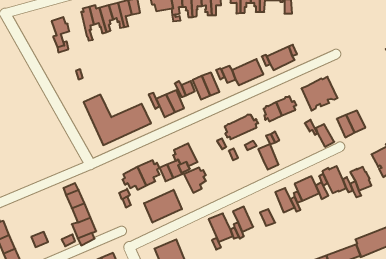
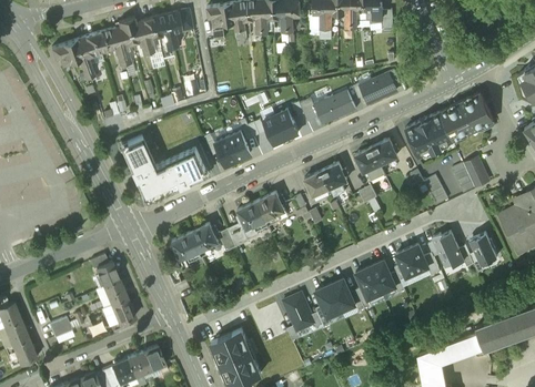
building: none -> [92,28,123,61]
building: none -> [51,40,83,67]
building: none -> [440,94,493,141]
building: [258,144,279,170] -> [355,265,382,298]
building: [184,168,206,193] -> [256,192,285,225]
building: [144,190,182,223] -> none
building: none -> [330,277,356,310]

